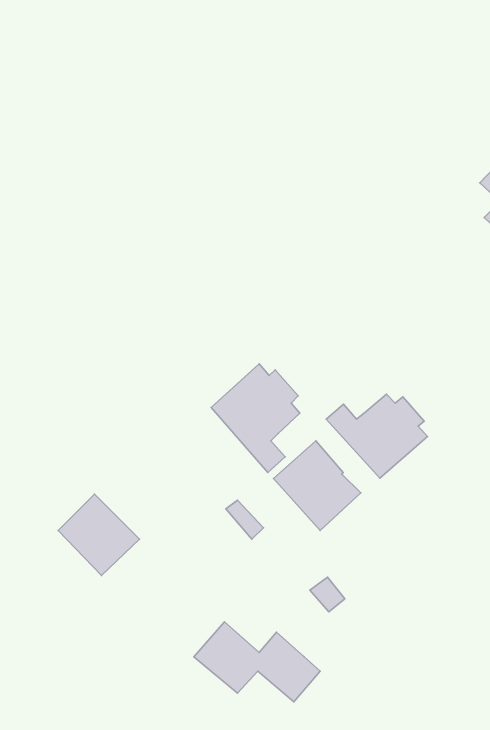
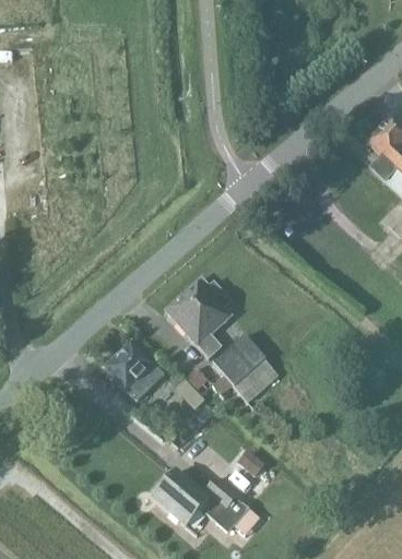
building: [326,394,428,478] -> none
building: [58,494,139,575] -> [103,340,164,401]

